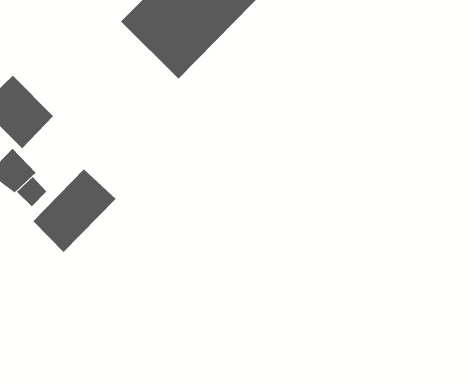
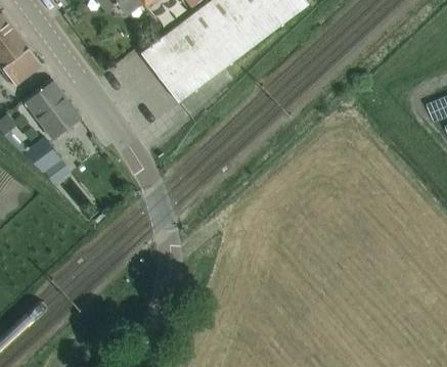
building: [33,169,116,253] -> none

